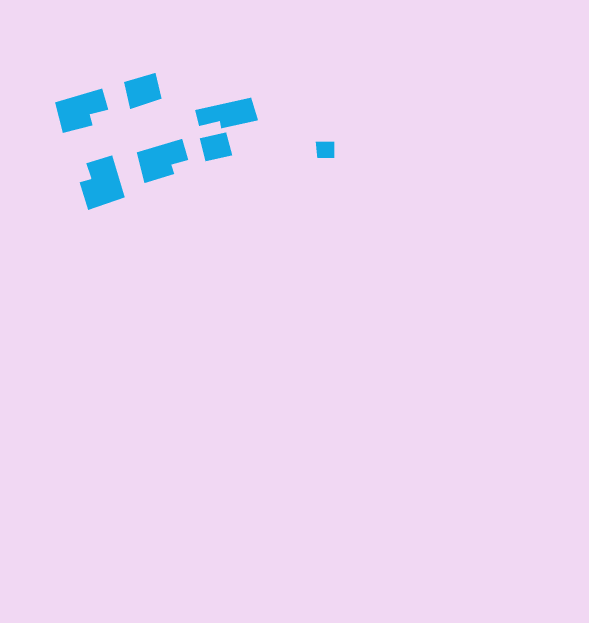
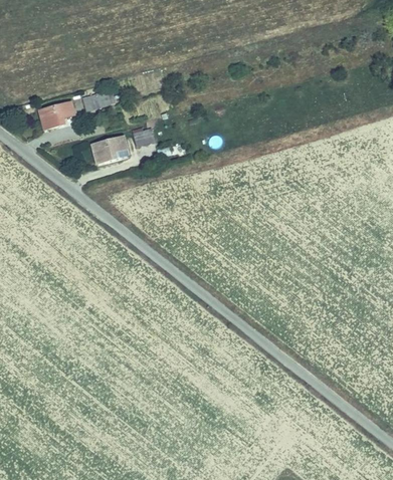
building: [195,97,259,129] -> none
building: [79,154,125,211] -> none

